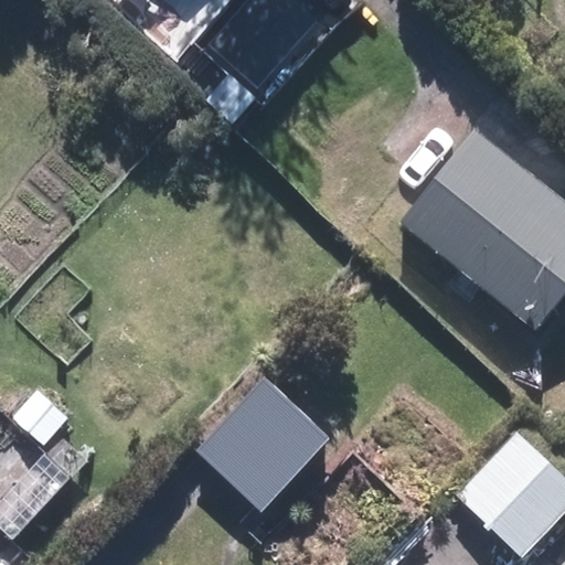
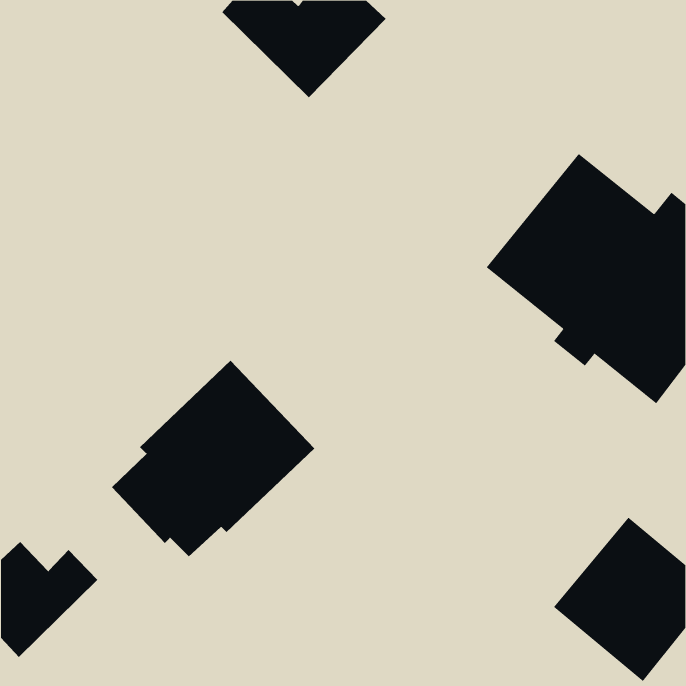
building: [173,371,341,533] -> [111,360,315,557]

